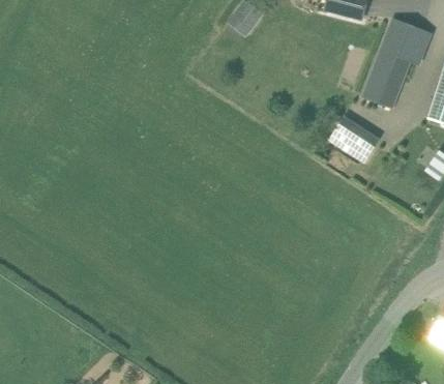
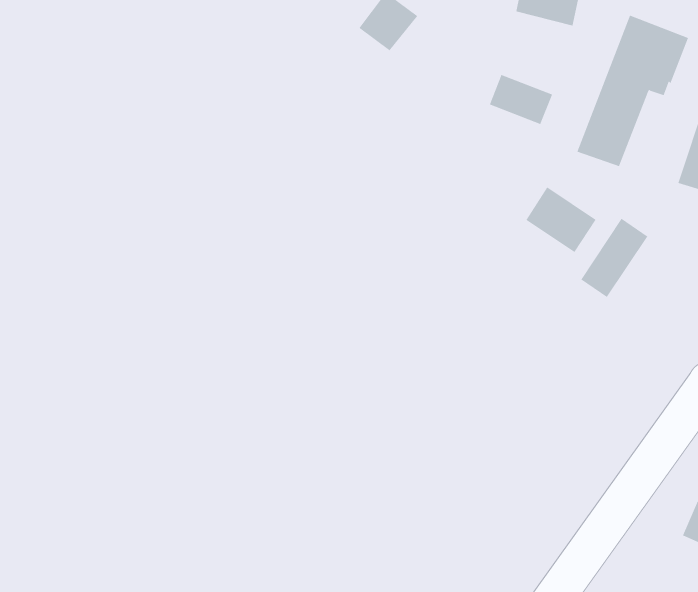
building: none -> [489,74,553,125]
building: none -> [580,218,648,298]

